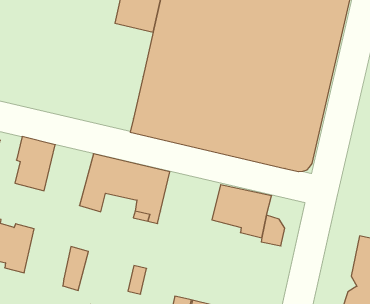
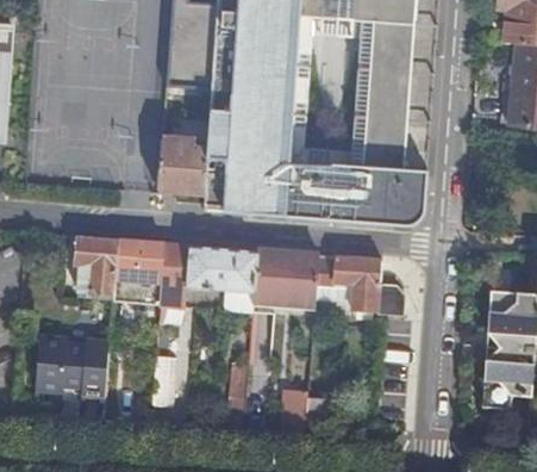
building: none -> [158,117,208,192]
building: none -> [113,237,164,304]
building: none -> [254,248,319,300]

